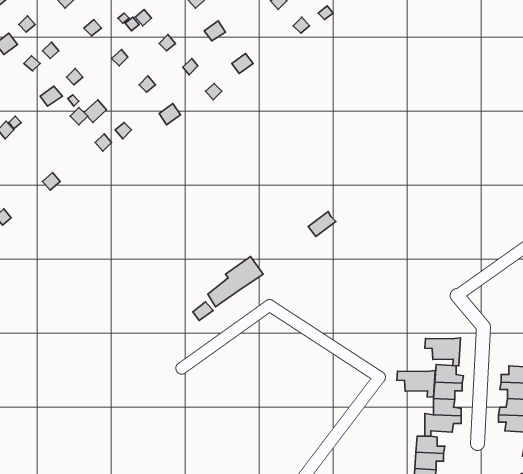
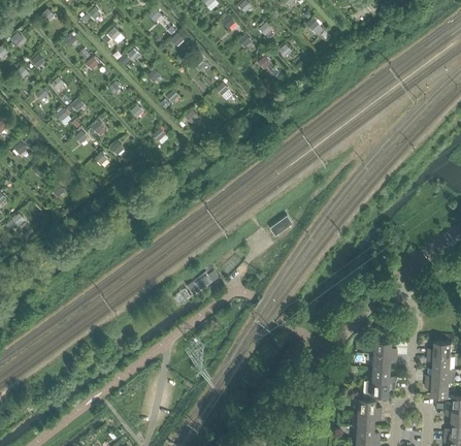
building: [425,338,461,366] -> none
building: [397,371,435,397] -> none

